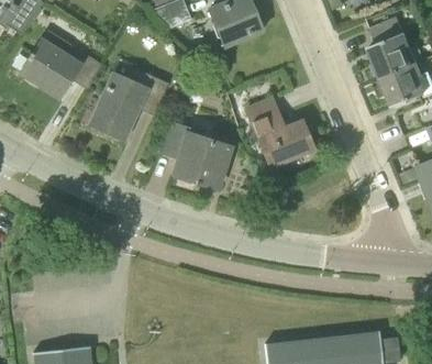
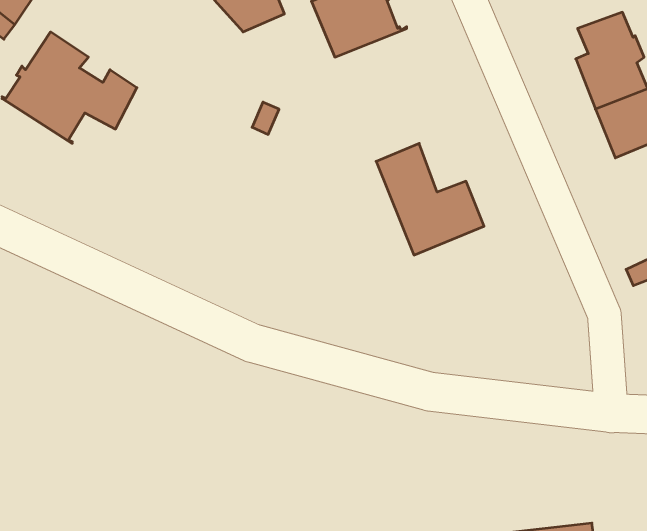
building: [92,67,167,133] -> none
building: [157,120,230,188] -> none

